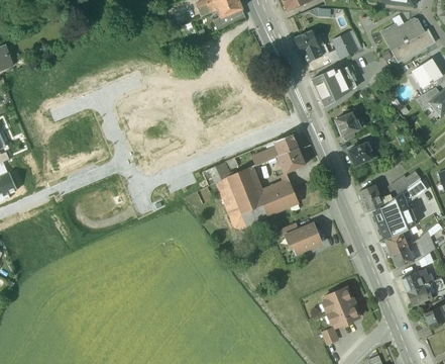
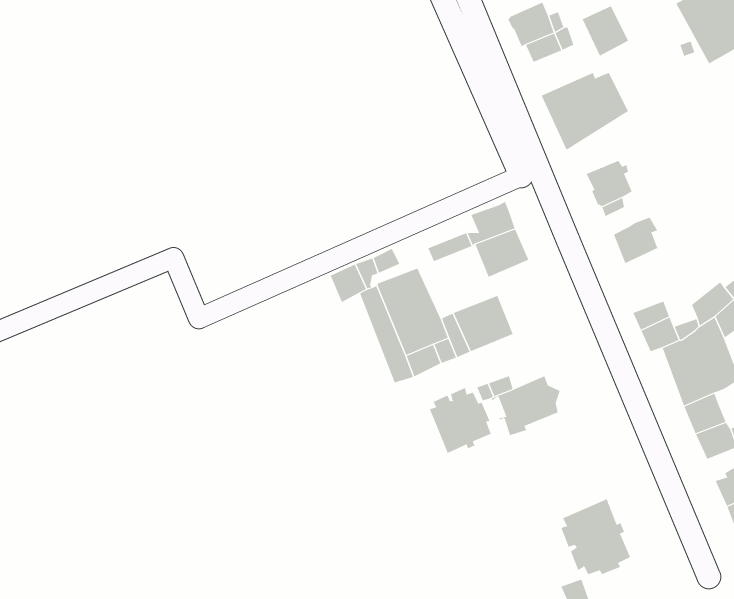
building: none -> [429,387,491,454]

